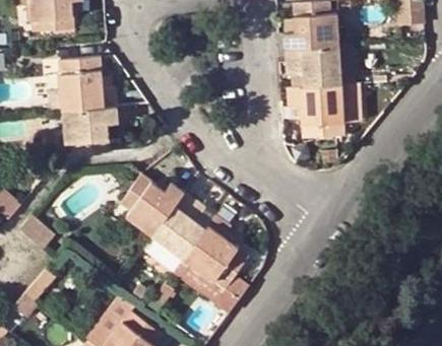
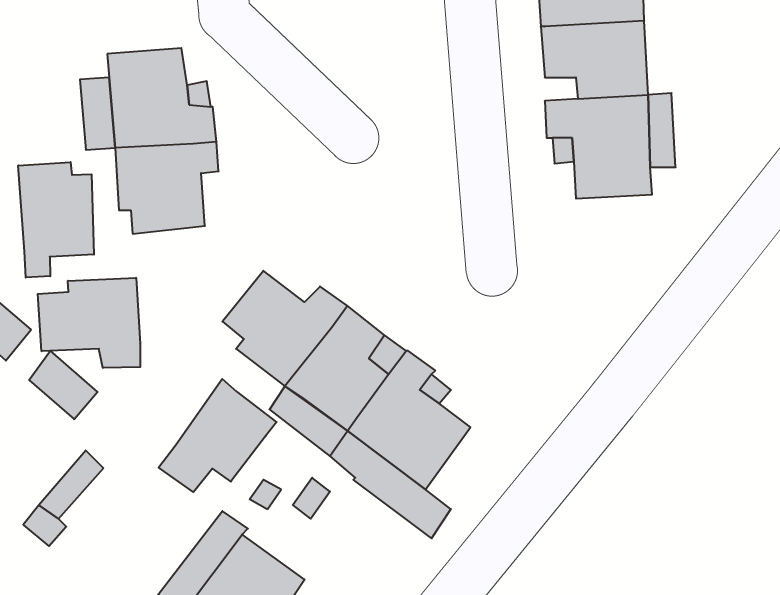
building: none -> [18,162,94,278]
building: none -> [38,278,140,368]
building: none -> [159,379,277,492]

